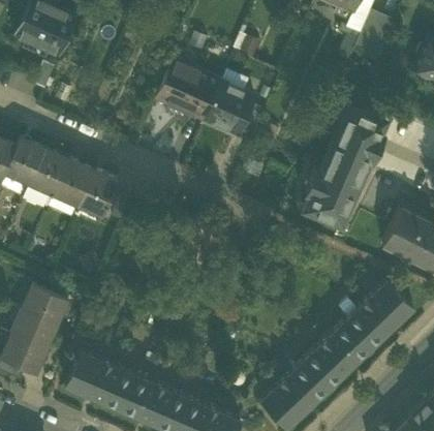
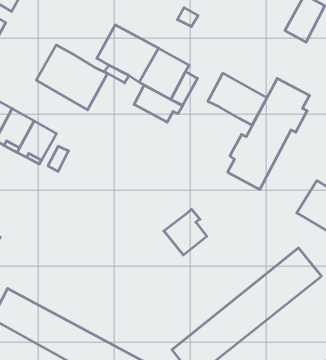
building: none -> [36,45,108,110]
building: none -> [208,73,267,125]
building: none -> [134,85,183,122]
building: none -> [164,209,207,255]

